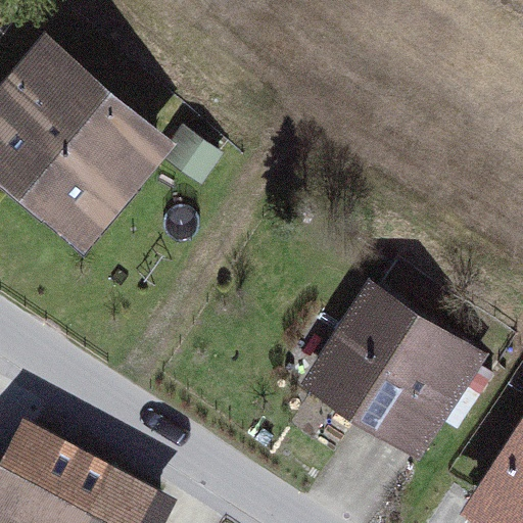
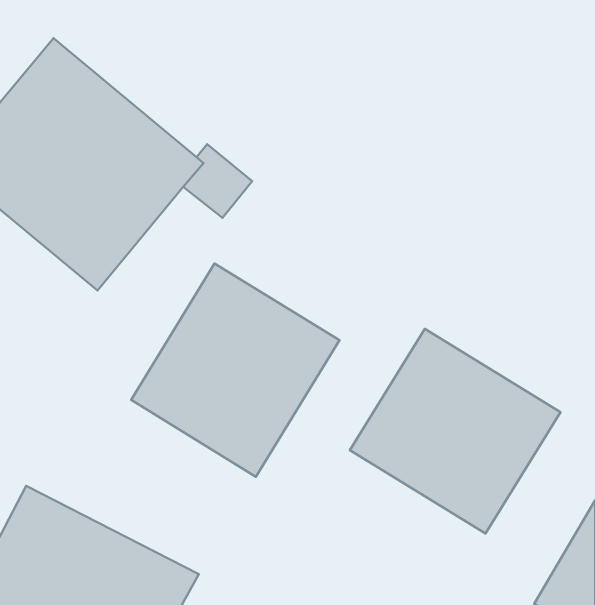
building: none -> [131,263,339,477]

